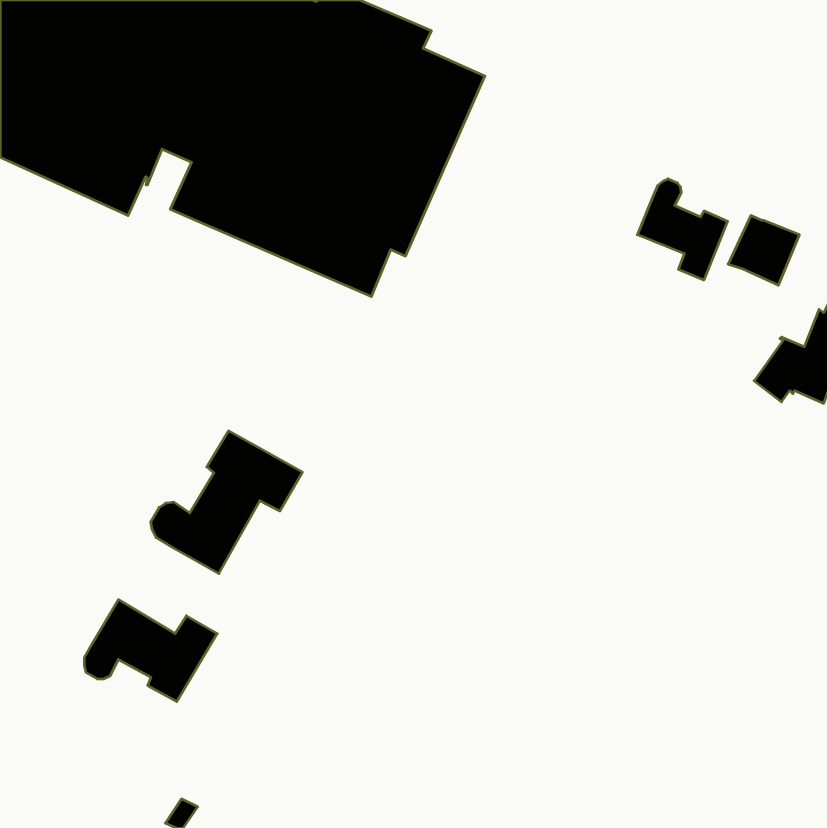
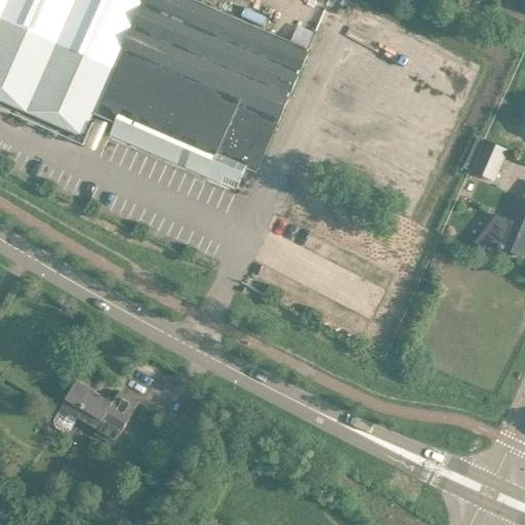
building: [637,179,728,280] -> none
building: [151,431,302,574] -> none

